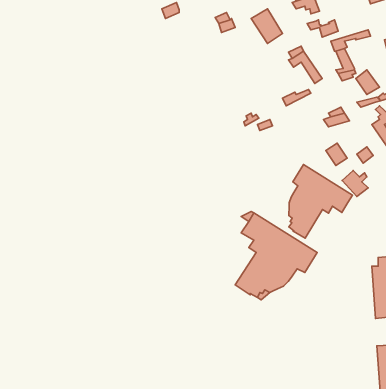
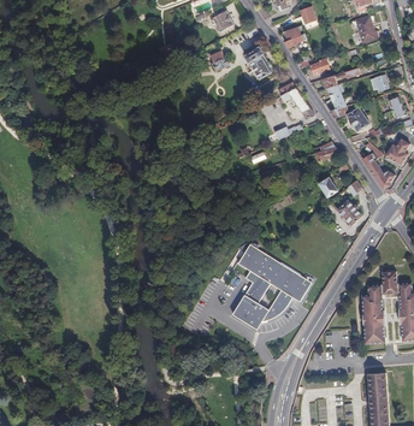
building: [289,164,353,238] -> none

